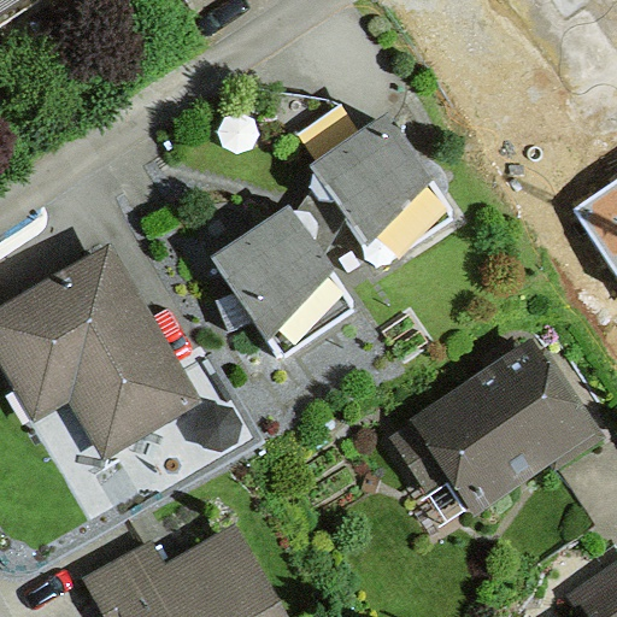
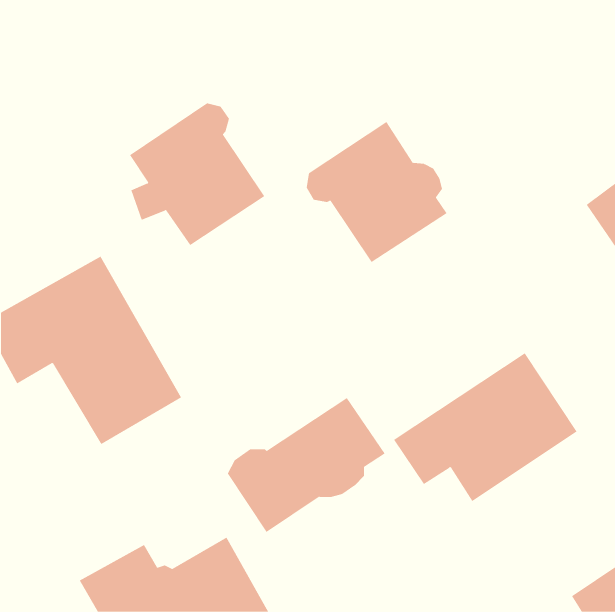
building: [215,210,349,352] -> [129,103,265,246]
building: none -> [227,397,385,533]

